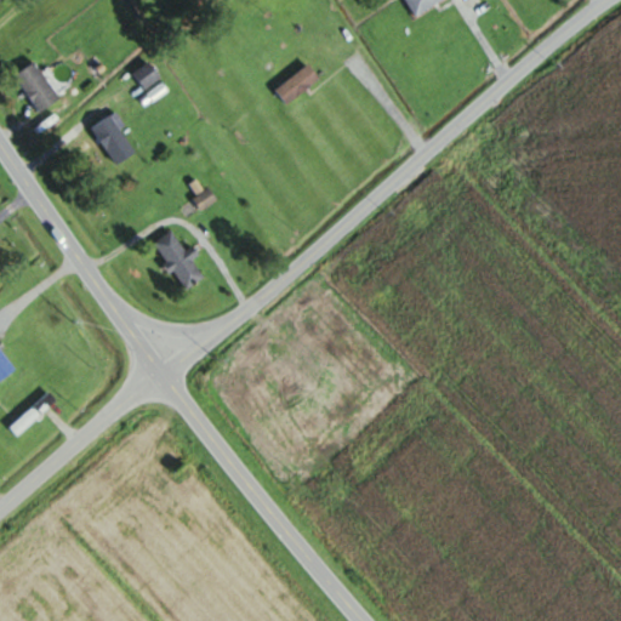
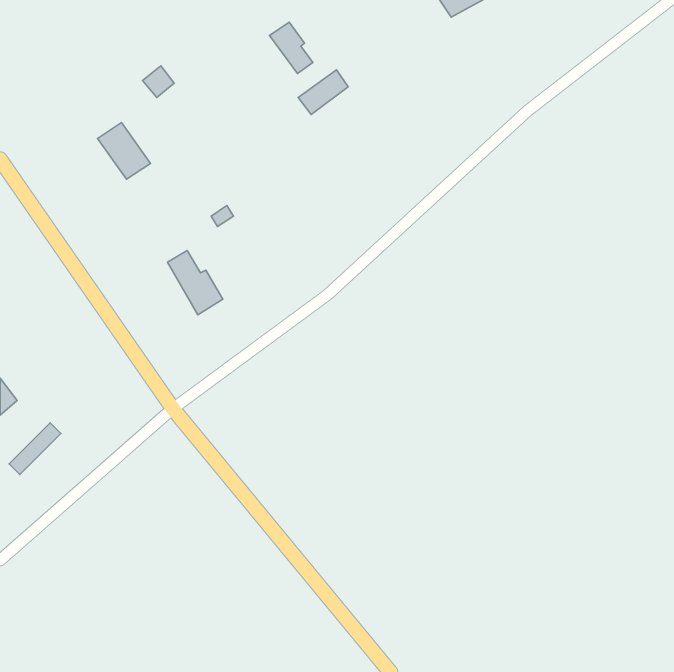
building: none -> [269,22,313,73]
building: [13,62,61,113] -> none

